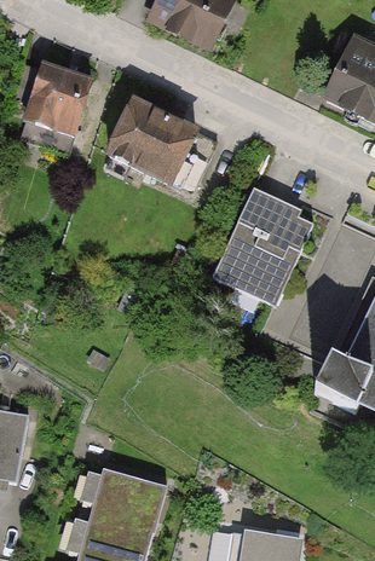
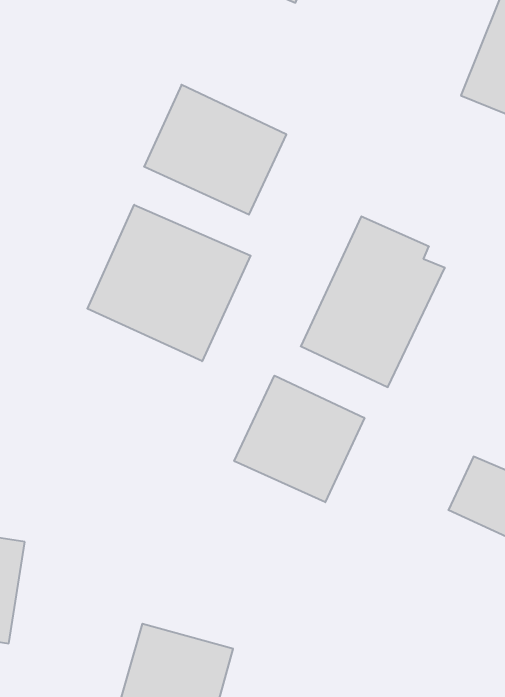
building: [23,70,91,140] -> none
building: none -> [87,205,251,361]
building: none -> [234,376,364,502]

